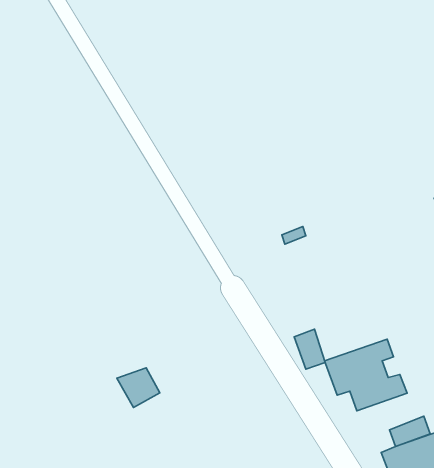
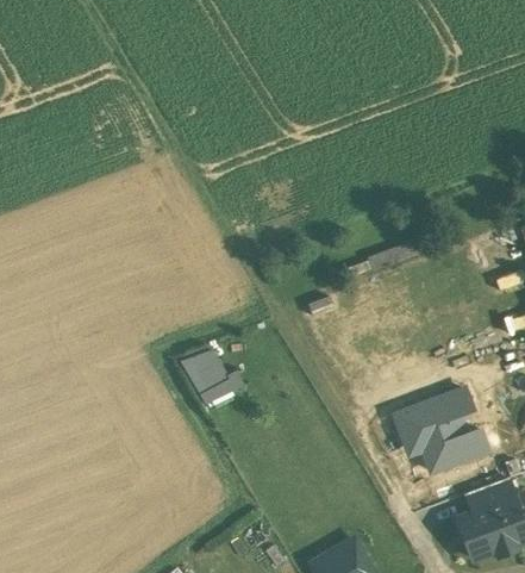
building: [294,329,325,369] -> none
building: [117,368,160,408] -> [180,351,229,397]

